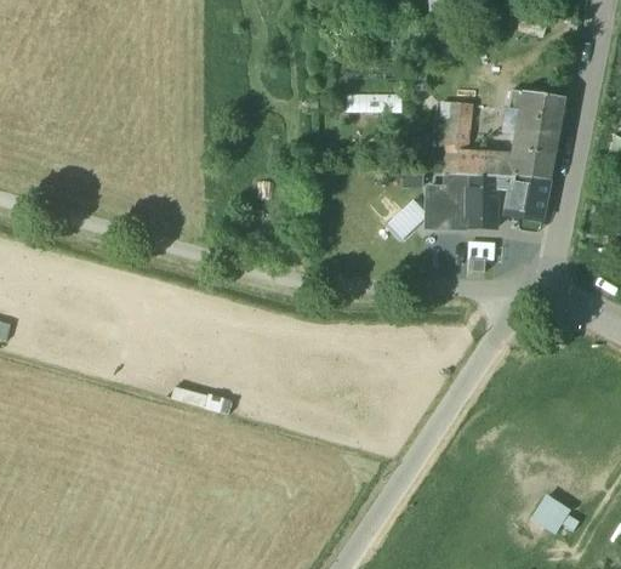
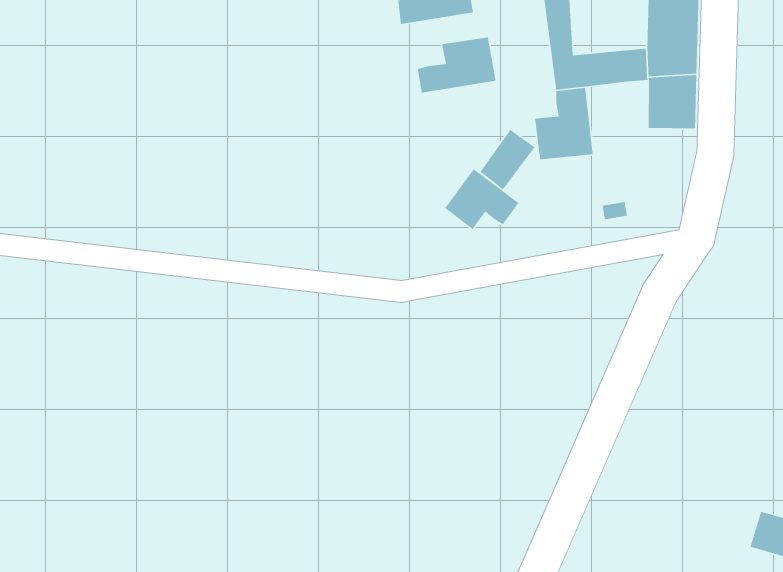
building: none -> [417,36,497,94]
building: [467,177,497,227] -> none
building: none -> [444,168,520,230]

